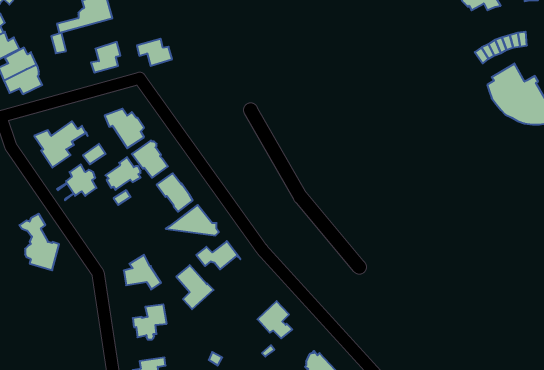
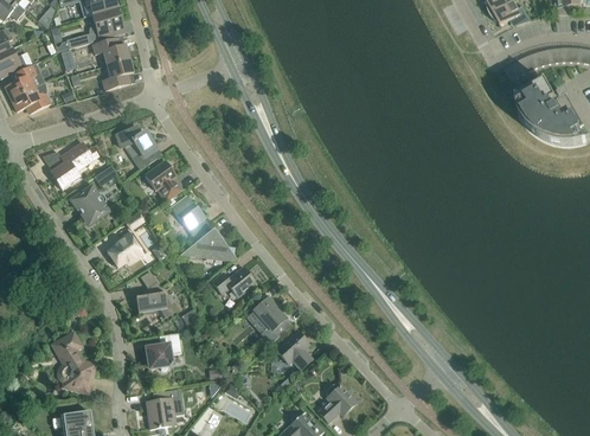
building: [137,39,172,66] -> [91,37,128,65]
building: [105,157,141,190] -> [105,232,142,267]
building: [19,214,59,270] -> [52,333,94,392]
building: [176,265,214,309] -> [252,297,291,344]

